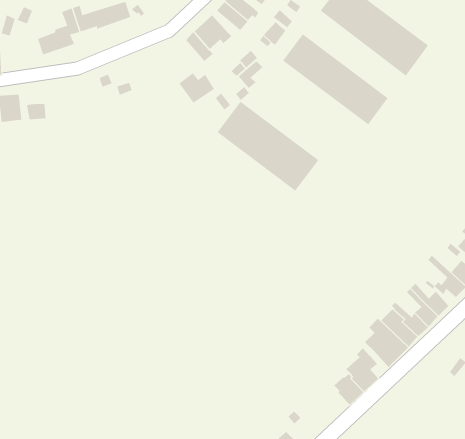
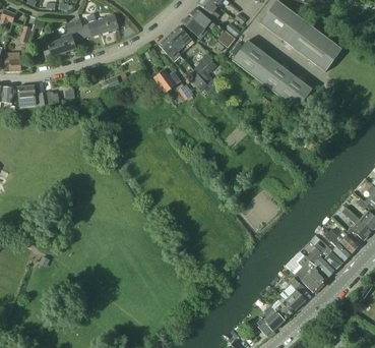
building: [217,101,319,192] -> none
building: none -> [254,304,283,335]

